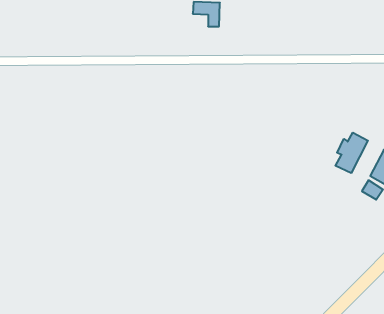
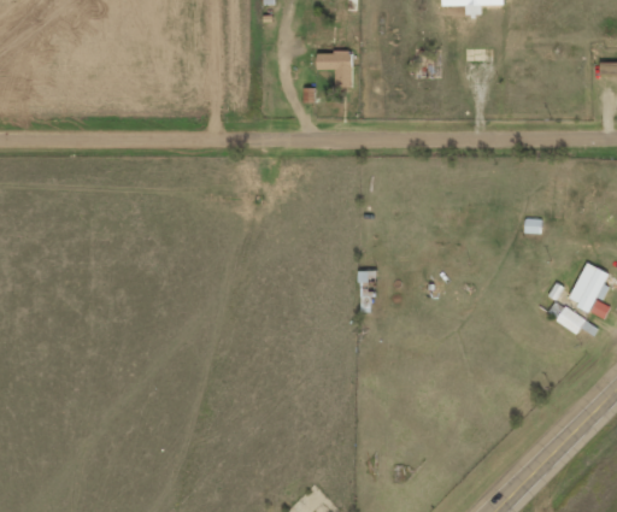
building: [335,133,368,173] -> none

